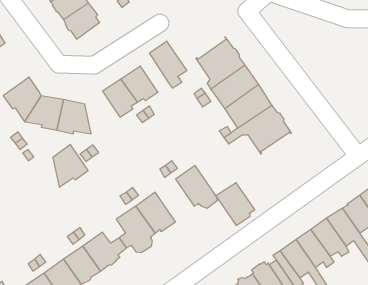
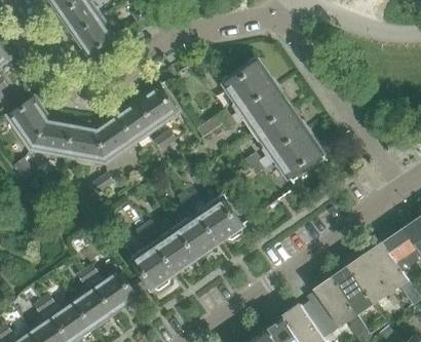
building: [149,41,187,88] -> none
building: [53,145,88,187] -> [98,113,137,160]
building: [216,183,255,225] -> [176,211,219,258]

